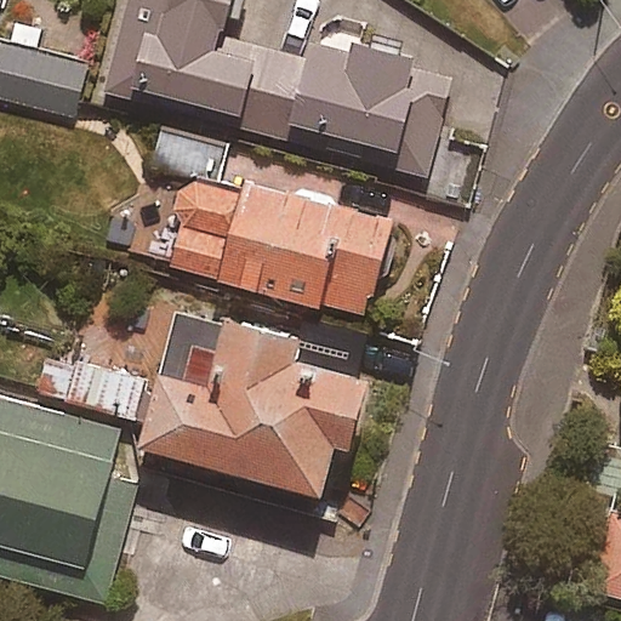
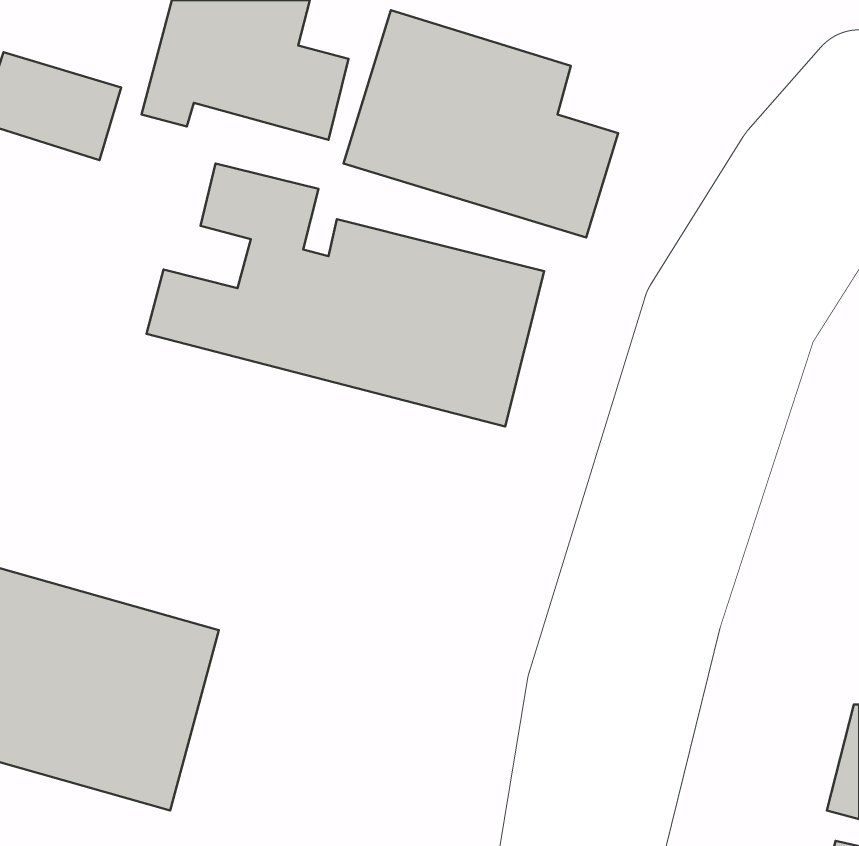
building: [139,306,370,489] -> none

